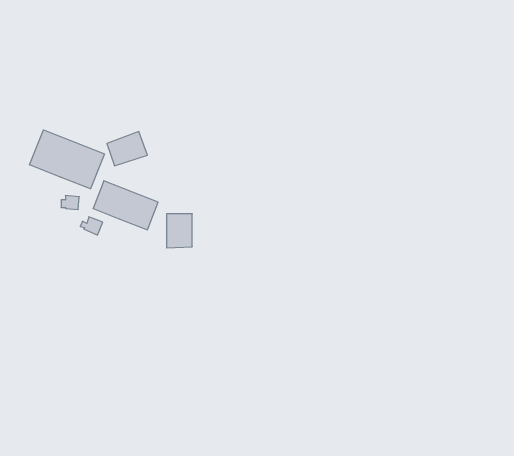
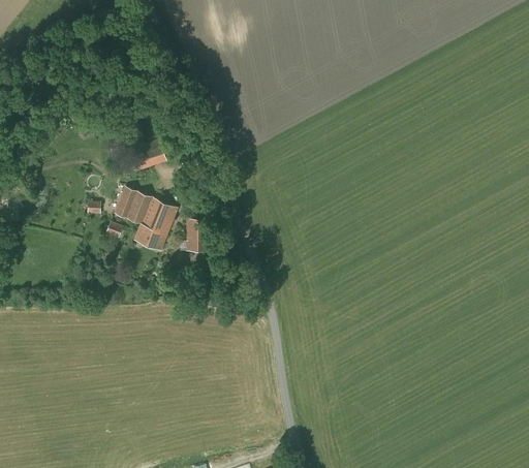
building: [30,130,104,189] -> none
building: none -> [133,223,166,250]

